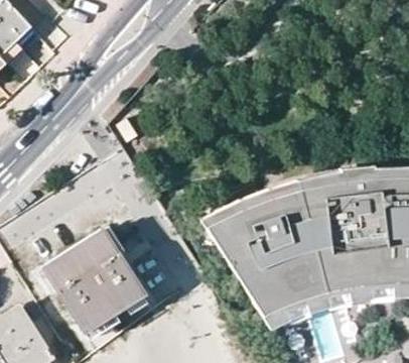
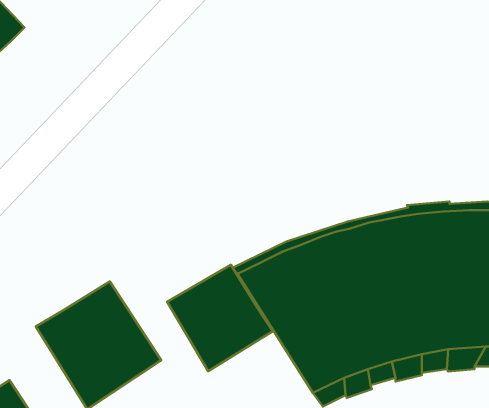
building: none -> [167,265,273,371]

